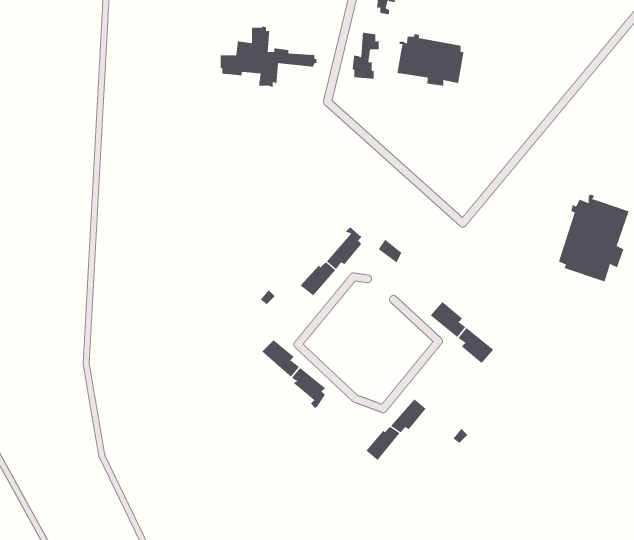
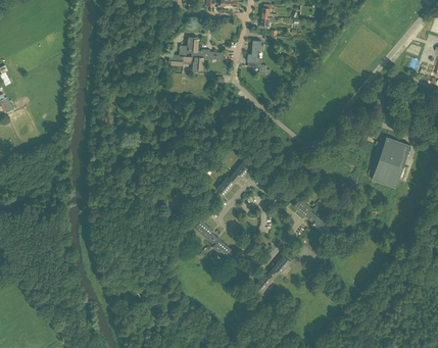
building: [397,33,464,87] -> none

